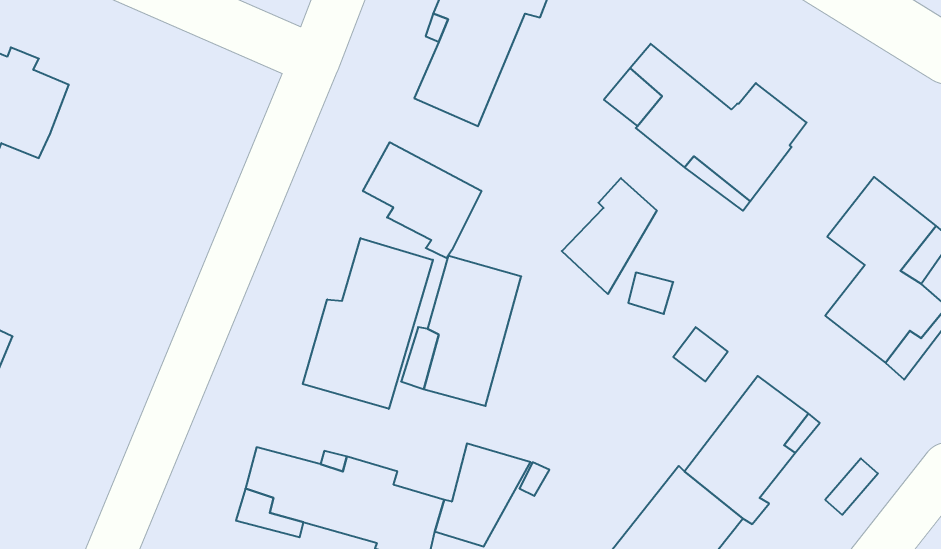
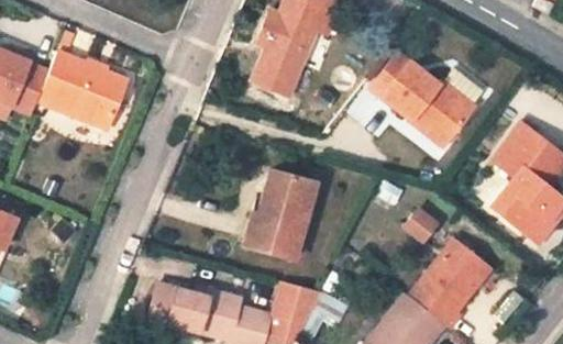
building: none -> [38,52,126,129]
building: [363,142,481,258] -> none
building: [562,178,657,294] -> none
building: [303,238,433,409] -> none

